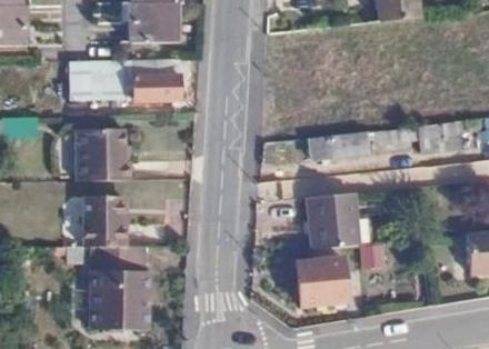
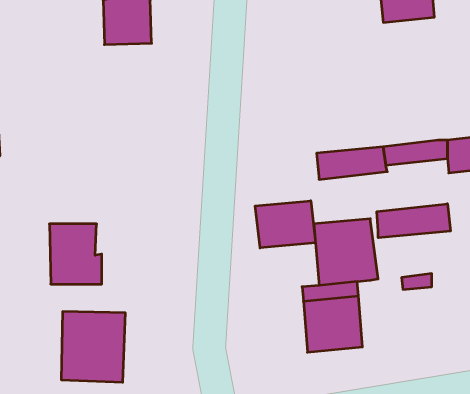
building: [70,58,181,101] -> none
building: [81,129,134,183] -> none
building: none -> [255,201,316,248]
building: none -> [377,204,450,238]

